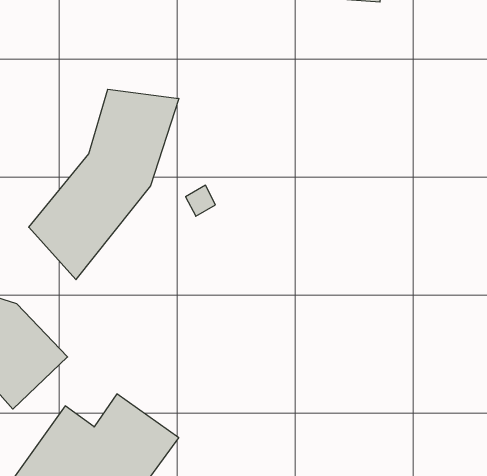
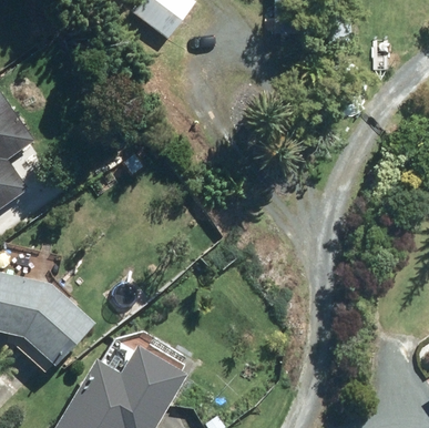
building: [29,89,179,280] -> none

